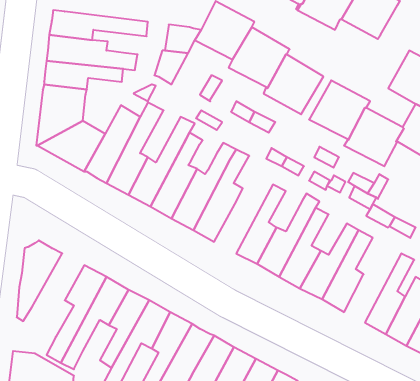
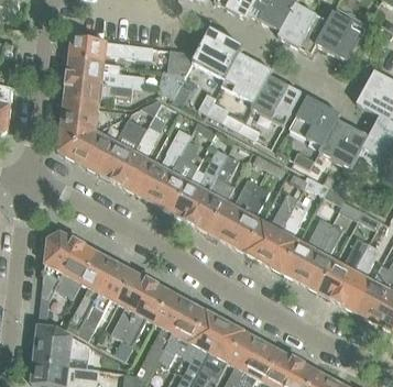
building: none -> [209,178,259,243]
building: none -> [319,237,368,301]
building: none -> [55,243,99,298]

